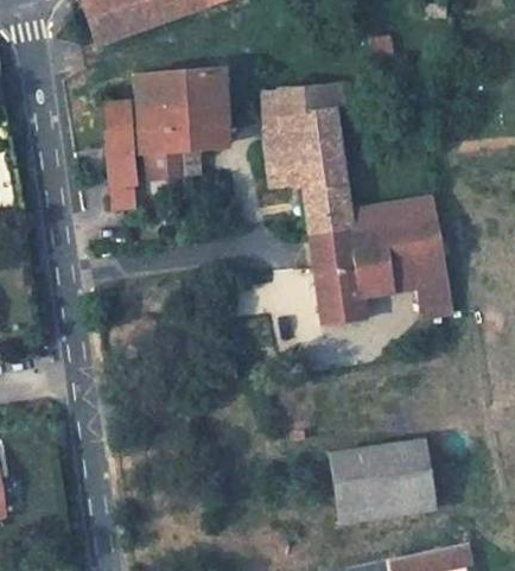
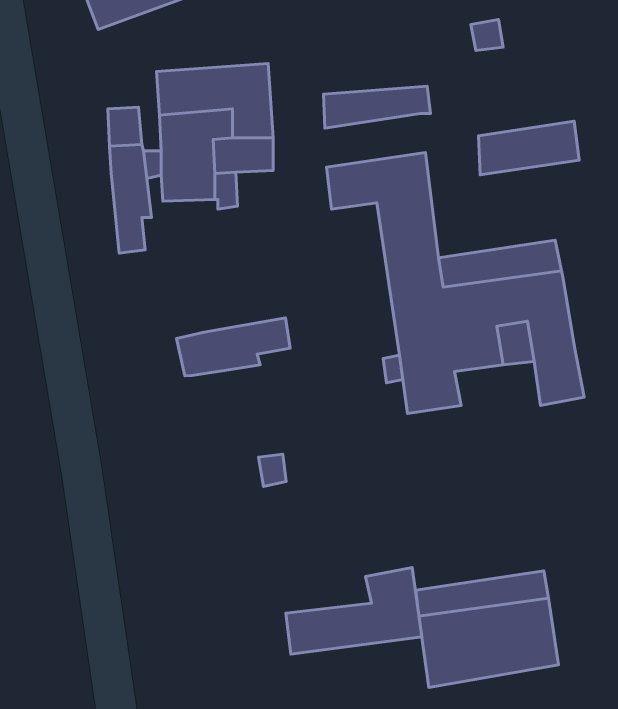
building: [263,104,337,144] -> [479,121,579,175]
building: none -> [177,318,290,376]
building: none -> [286,567,422,654]

